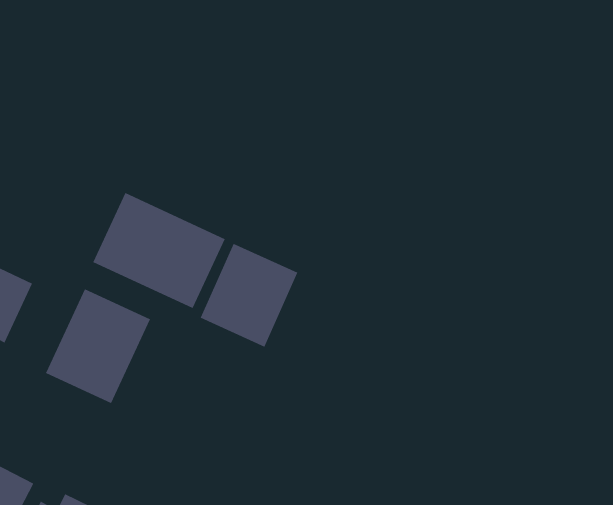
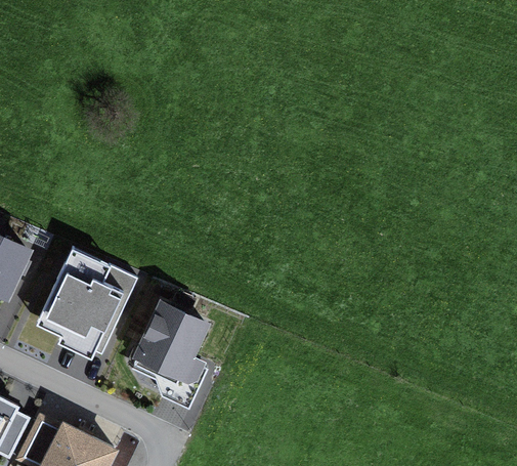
building: [92,192,226,309] -> none
building: [200,243,298,347] -> [133,301,215,388]

